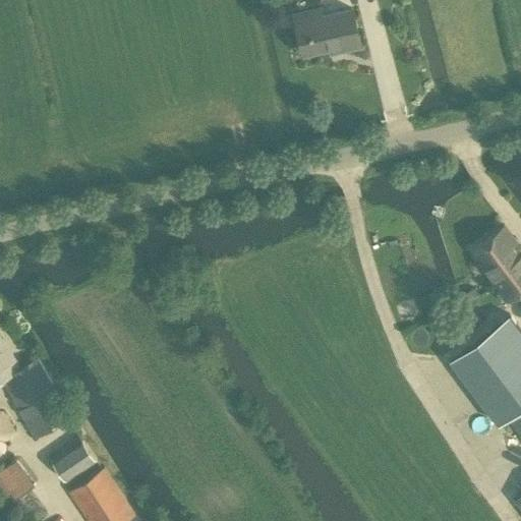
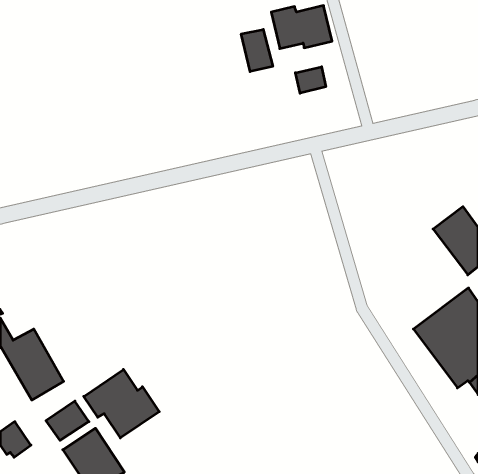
building: none -> [241,29,273,72]
building: none -> [295,67,326,93]
building: none -> [84,369,159,438]

